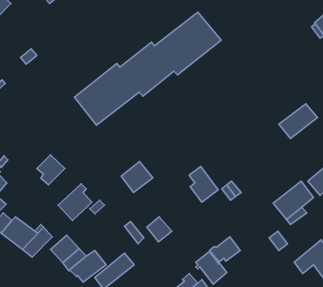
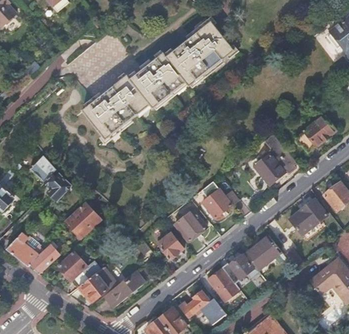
building: none -> [254,149,285,183]
building: none -> [30,154,57,182]
building: [121,162,153,192] -> [174,208,207,240]
building: none -> [245,235,281,270]

